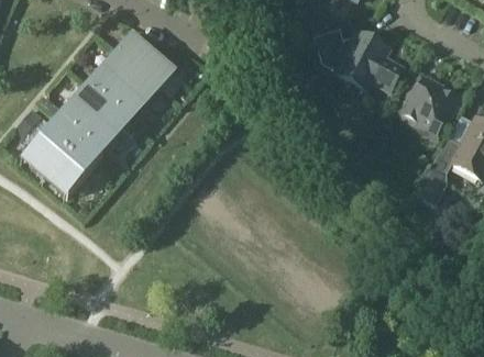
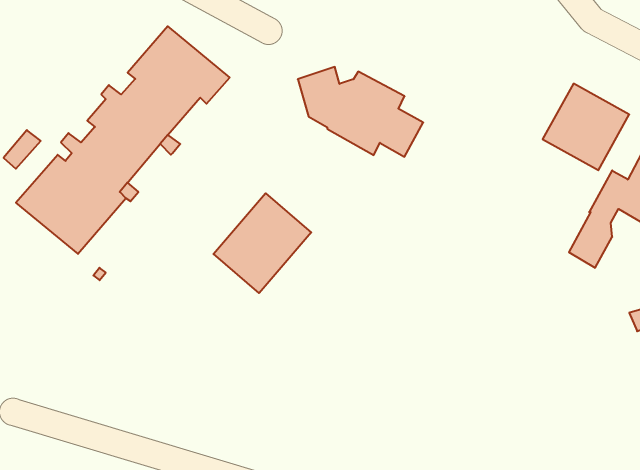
building: [312,26,402,90] -> [298,67,423,157]
building: none -> [213,193,311,293]

